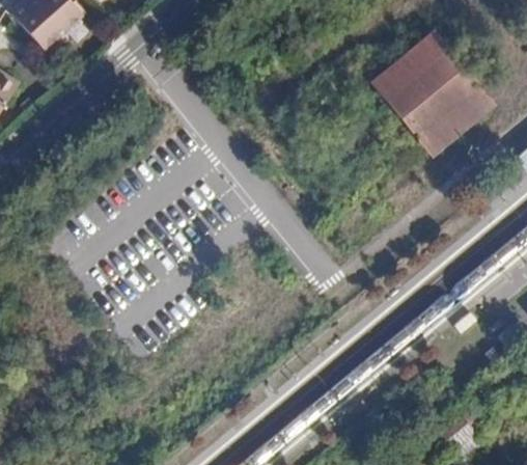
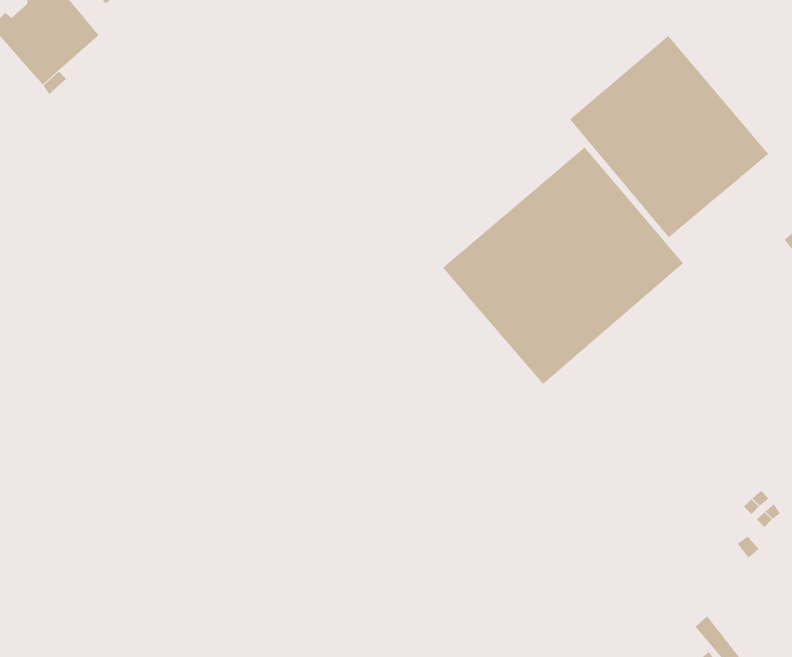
building: none -> [442,147,684,385]

